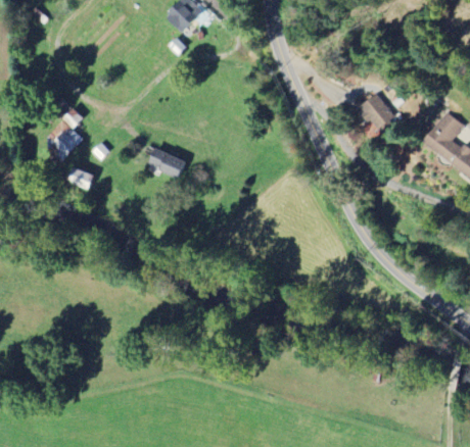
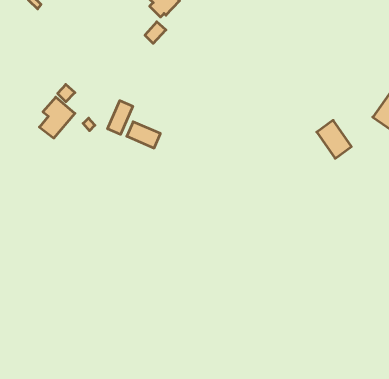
building: [357,94,395,137] -> [317,120,351,158]
building: none -> [108,101,133,134]
building: [72,166,98,189] -> none

